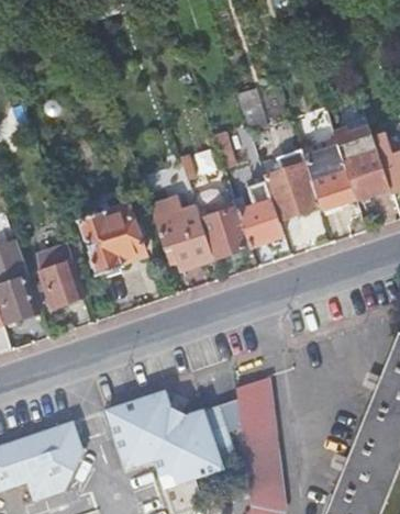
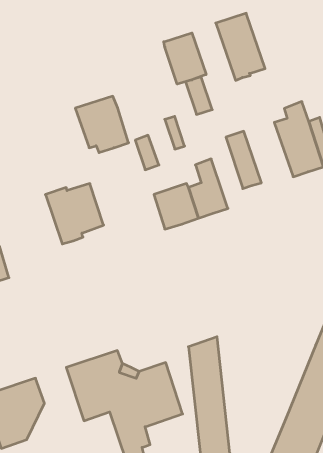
building: none -> [164,33,206,84]
building: [301,137,356,212] -> [216,13,265,80]
building: [264,155,300,219] -> none
building: [154,205,213,268] -> [75,96,129,153]
building: [38,243,86,306] -> none

